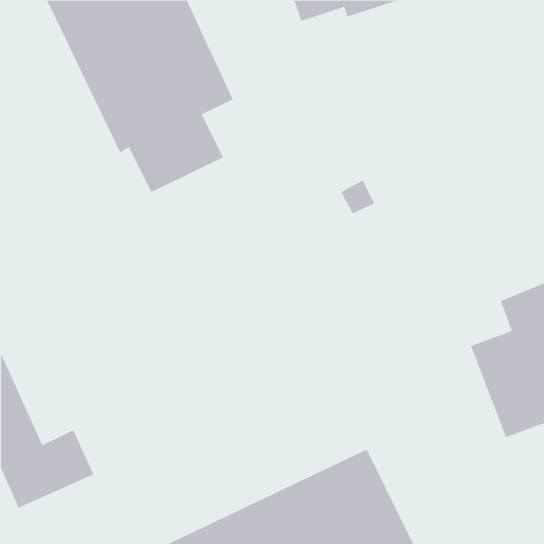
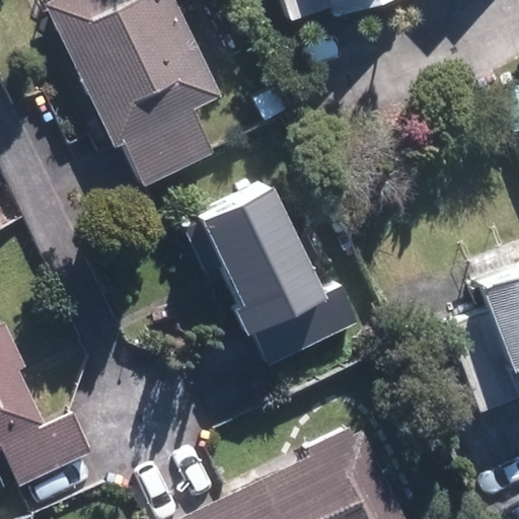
building: none -> [199,187,356,362]

